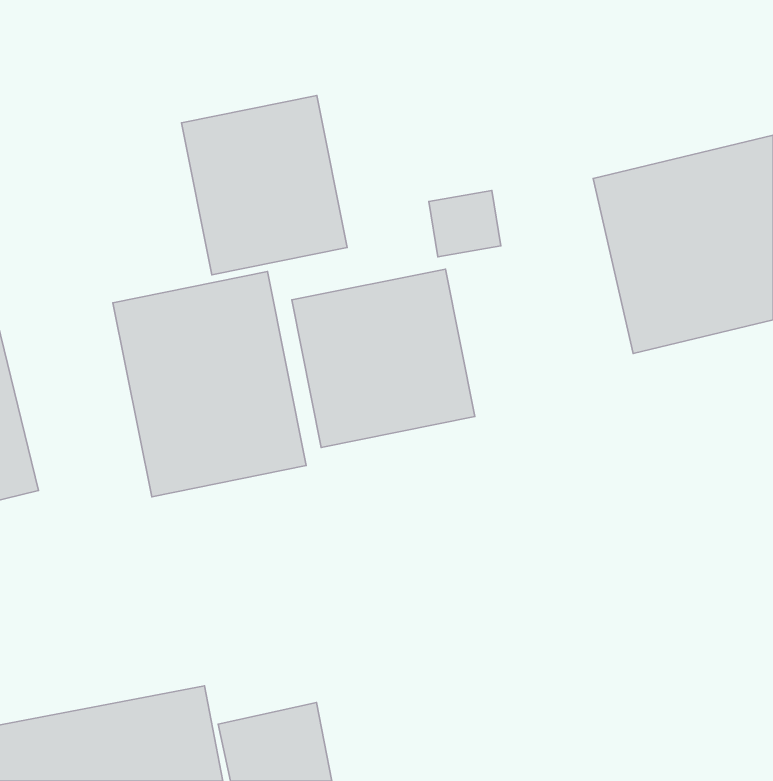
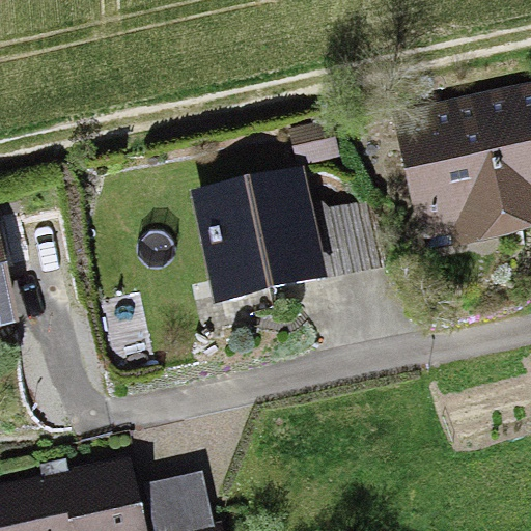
building: [181,95,347,275] -> none
building: [113,271,306,497] -> none

